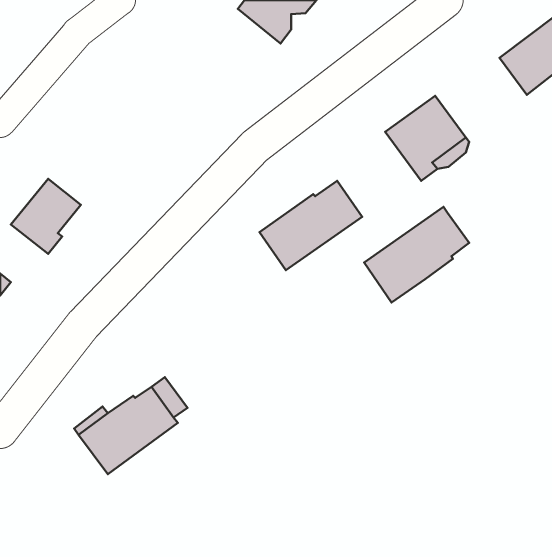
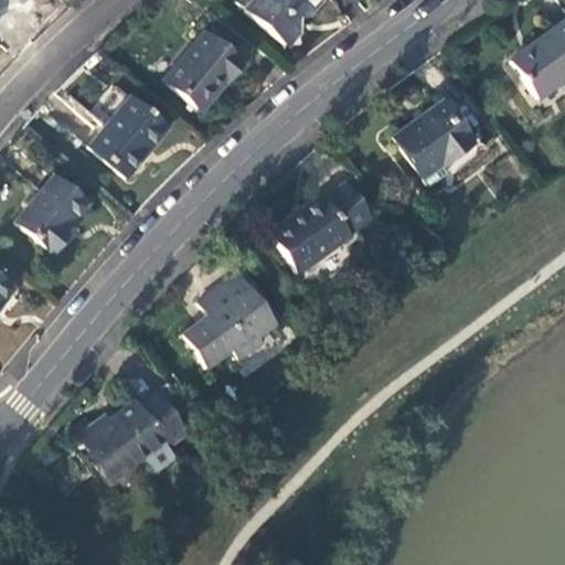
building: none -> [168,33,246,109]
building: none -> [87,92,171,177]
building: [364,207,469,302] -> none
building: none -> [185,270,279,365]

